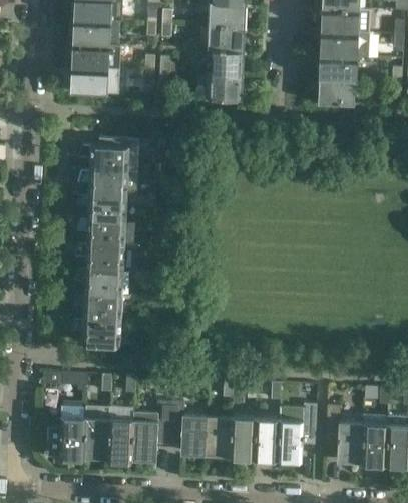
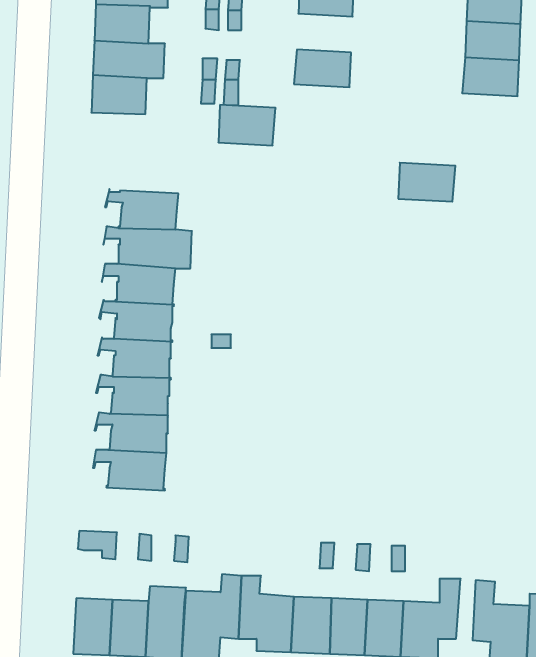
building: [208,27,245,53] -> none
building: [205,74,243,101] -> [218,105,276,145]
building: [317,80,355,106] -> [398,163,455,202]

